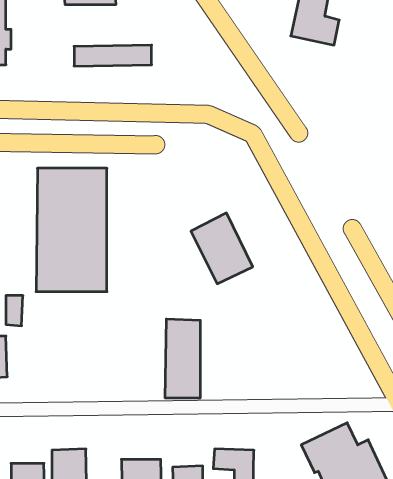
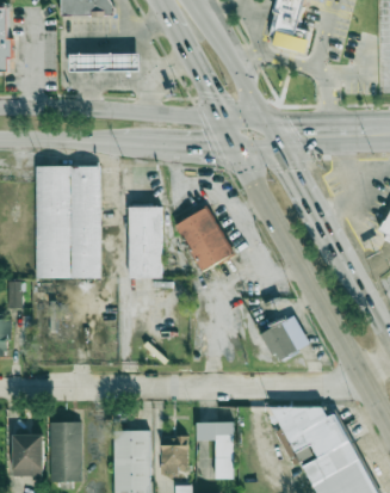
building: [165,319,200,398] -> [128,205,160,277]
building: none -> [261,315,308,360]

